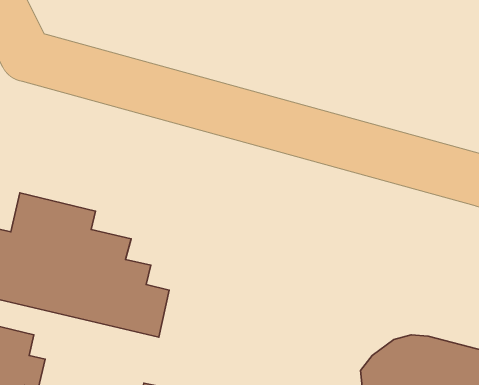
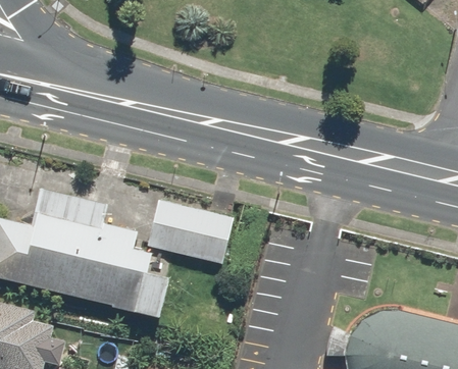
building: none -> [148,200,234,264]

